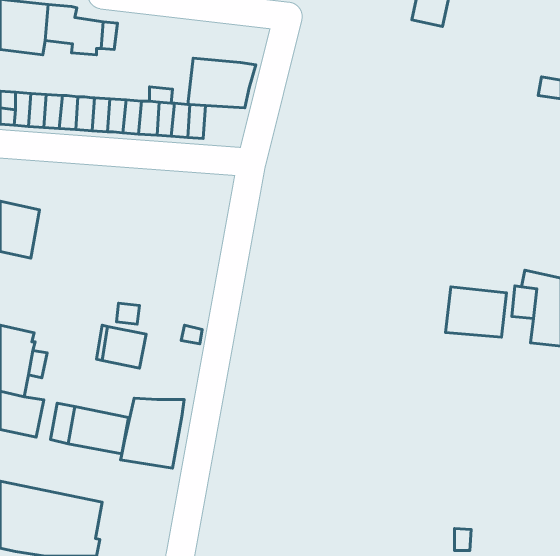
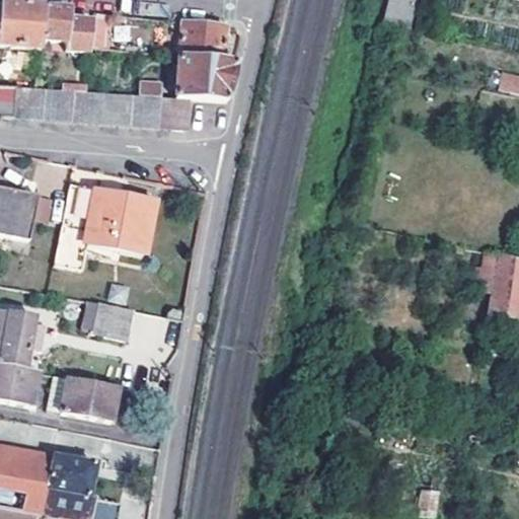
building: none -> [179,18,227,58]
building: none -> [55,181,153,270]
building: [446,287,506,337] -> none
building: [120,398,184,468] -> none

